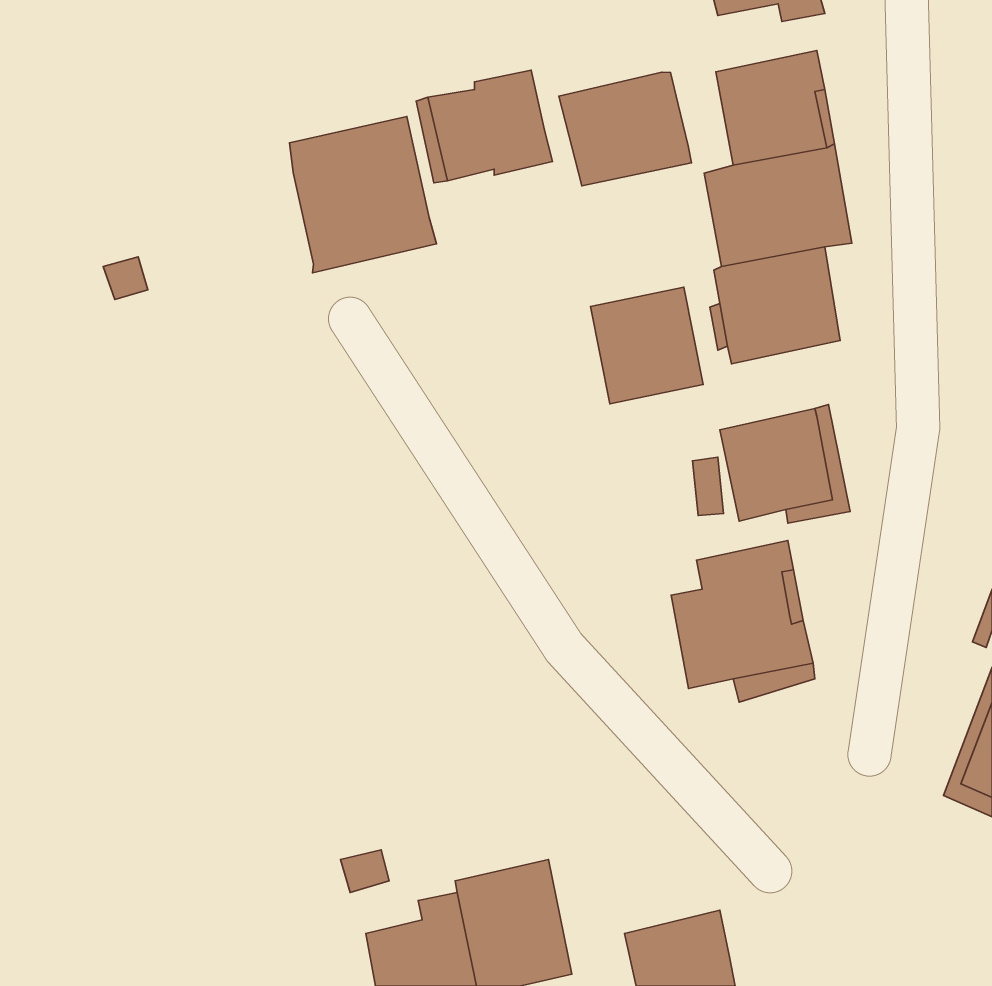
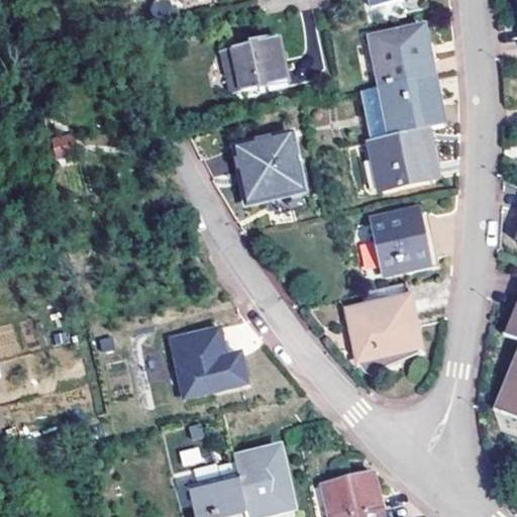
building: [559,72,692,186] -> none
building: [290,116,437,273] -> none
building: [590,287,703,404] -> [242,137,301,198]
building: none -> [166,320,248,395]

